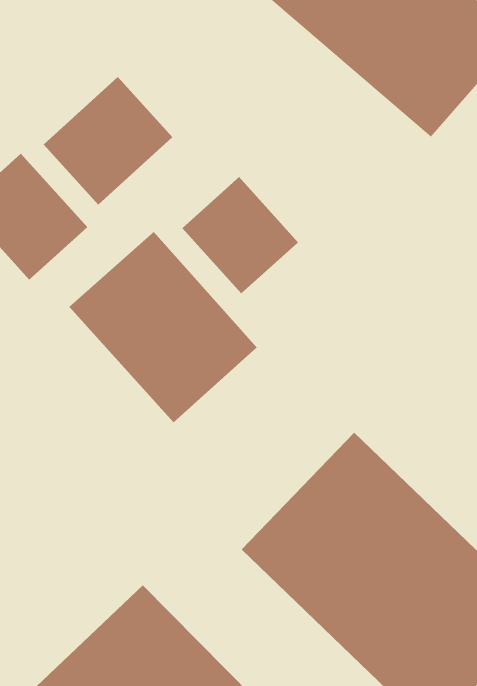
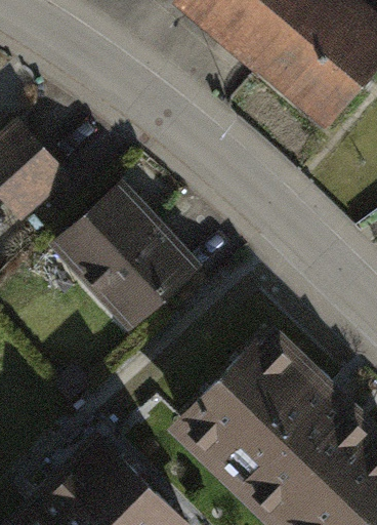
building: [43,76,173,205] -> none
building: [181,176,299,294] -> none

